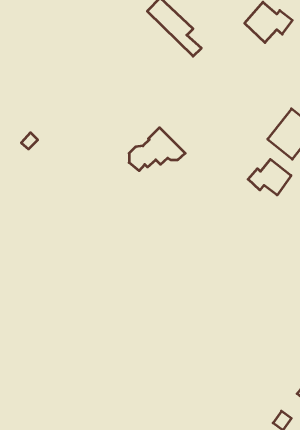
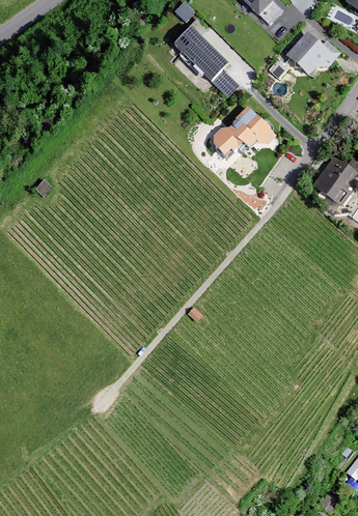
building: [129,128,185,171] -> [213,107,276,155]
building: [248,159,291,195] -> none

